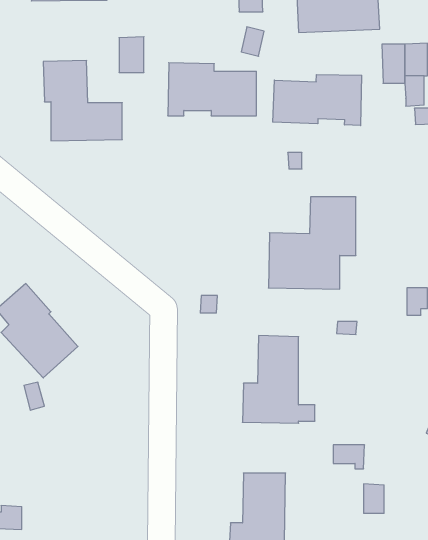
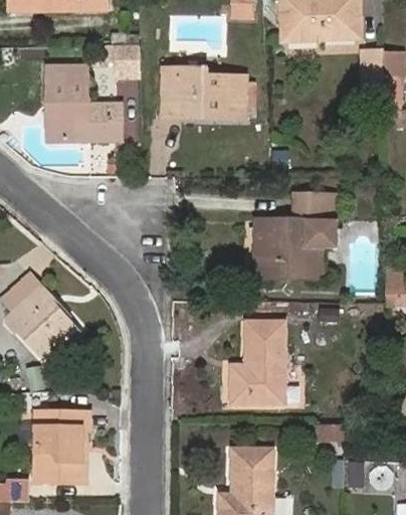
building: [273,75,362,126] -> none
building: none -> [34,411,88,481]

